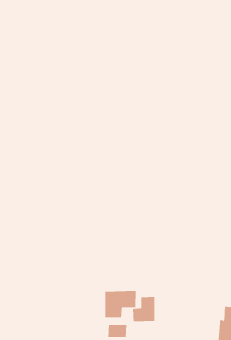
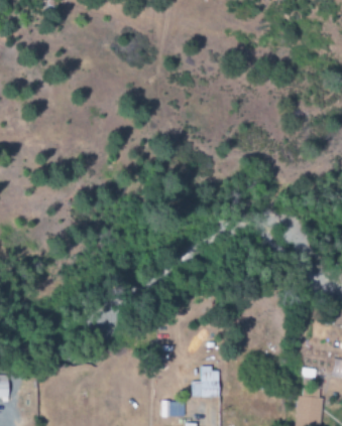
building: [105,290,136,318] -> none

